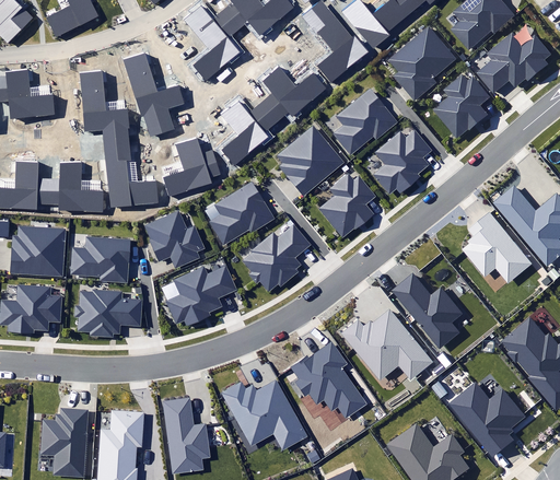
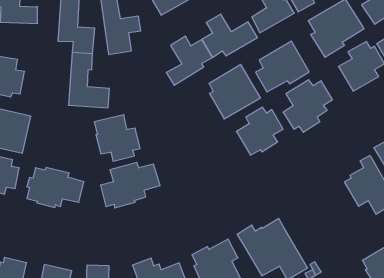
building: [163,138,221,197] -> none
building: [48,159,103,210] -> none
building: [208,182,273,244] -> none
building: [242,222,312,289] -> none
building: [70,236,129,281] -> none
building: [392,271,463,349] -> none

